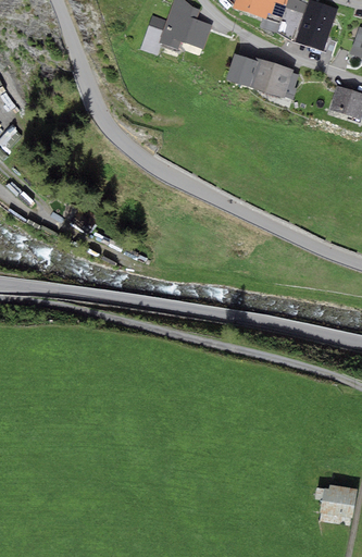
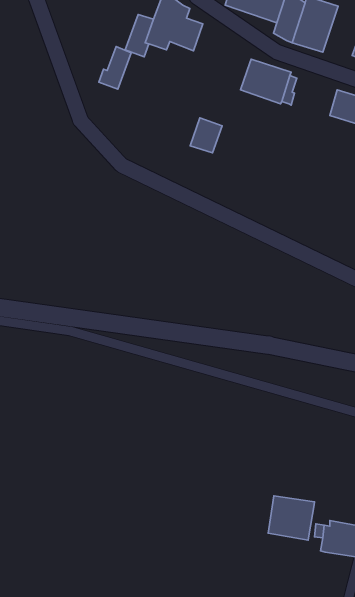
building: none -> [99,47,131,89]
building: [226,52,255,85] -> [190,118,222,153]
building: none -> [268,496,314,540]

